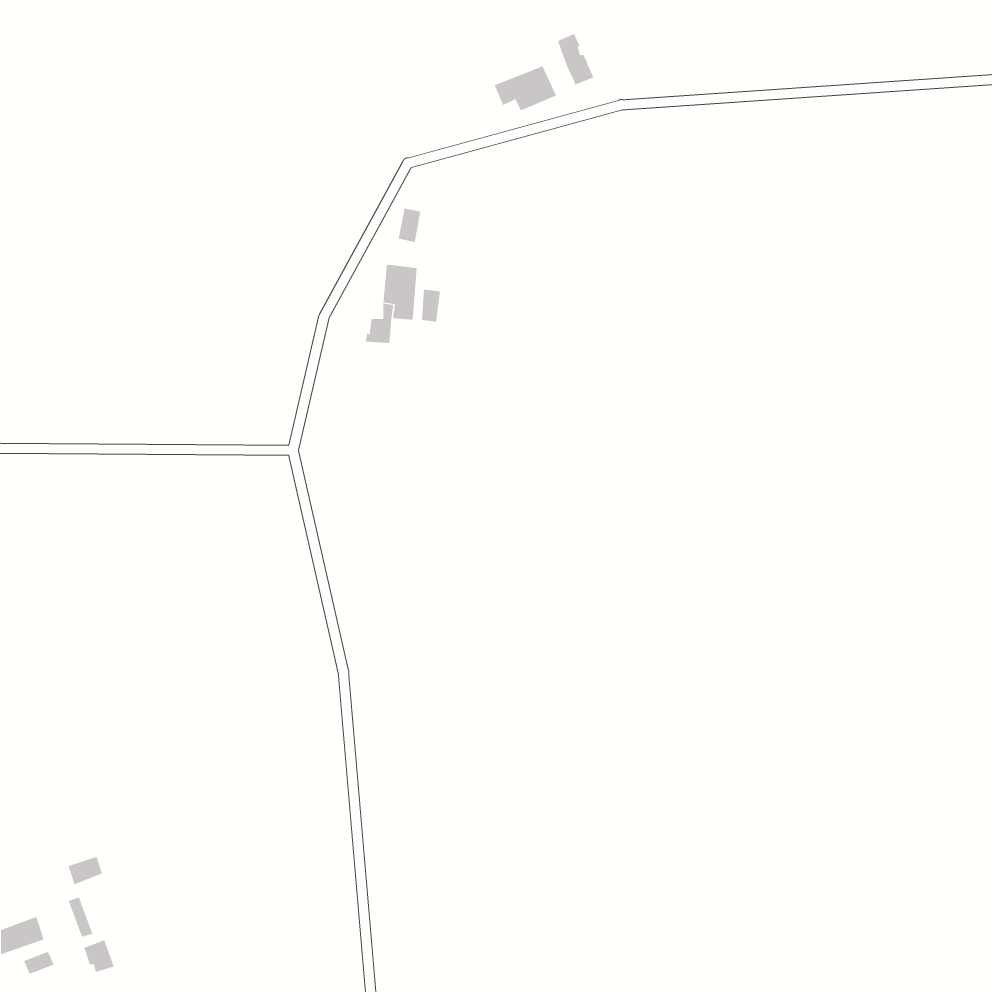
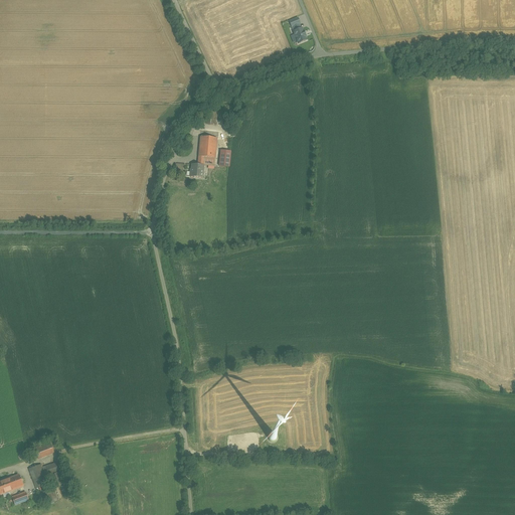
building: [494,65,557,111] -> none

